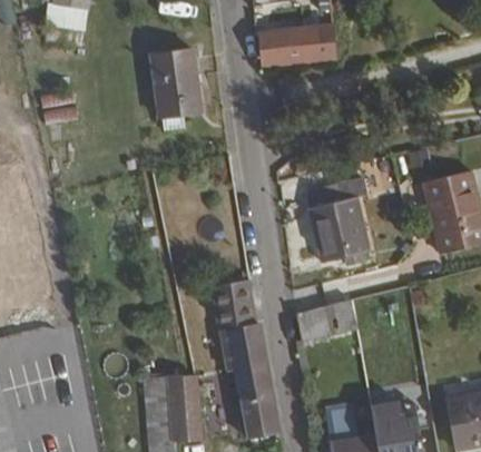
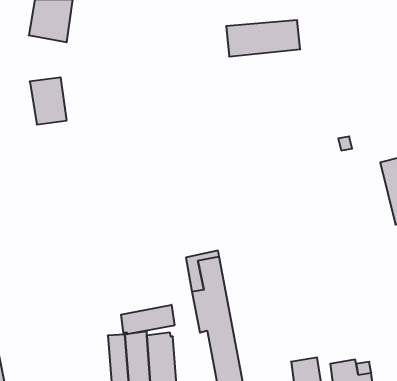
building: [149,53,198,137] -> none
building: [310,184,371,264] -> none
building: [298,299,360,338] -> none
building: none -> [121,305,174,334]

